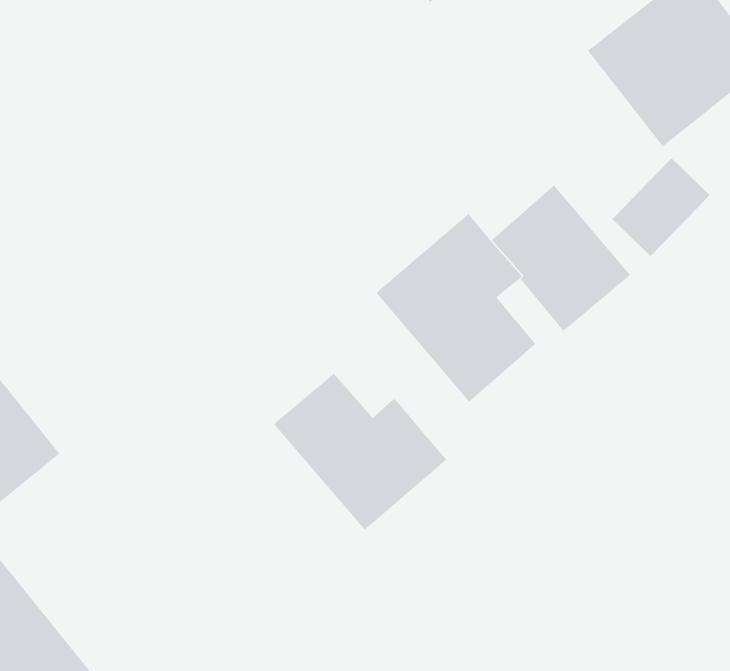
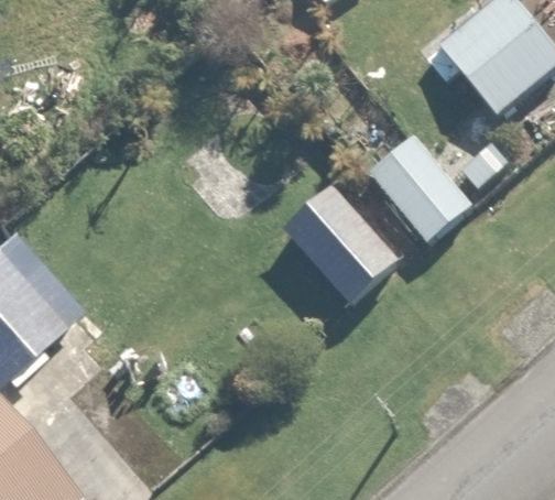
building: [273,373,447,530] -> none

